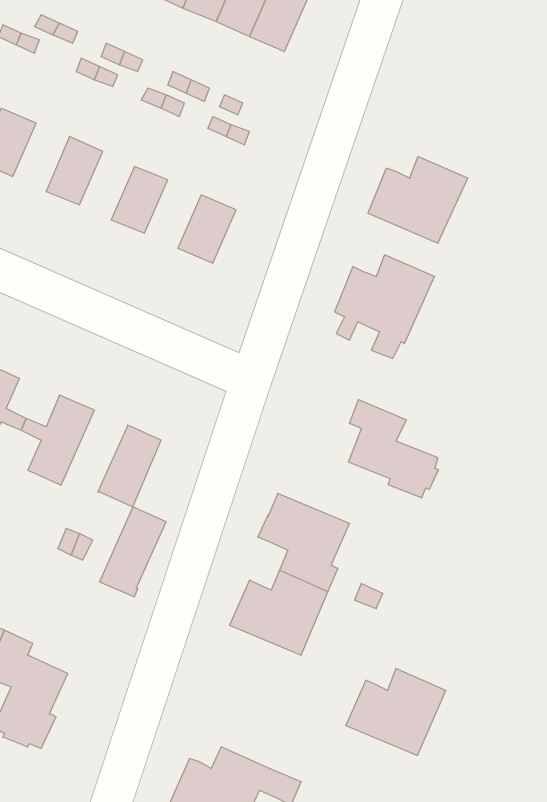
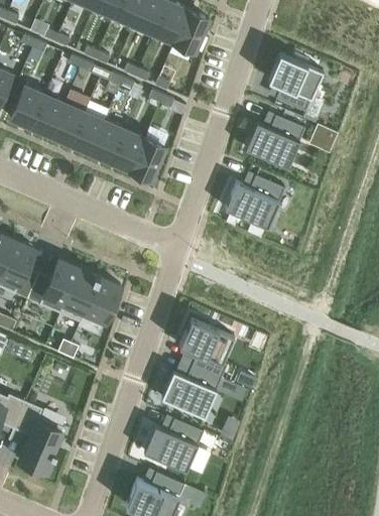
building: none -> [268,52,323,111]
building: none -> [30,95,65,136]
building: none -> [71,112,104,153]
building: none -> [110,129,144,170]
building: [348,399,438,498] -> none
building: [99,507,166,597] -> [59,268,100,322]
building: [346,669,446,755] -> [143,418,204,471]

